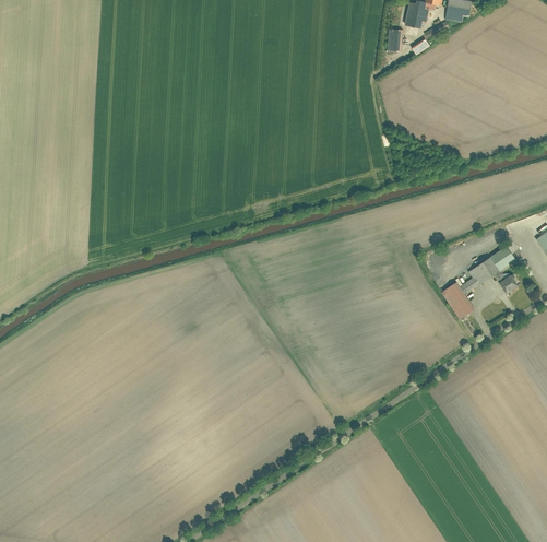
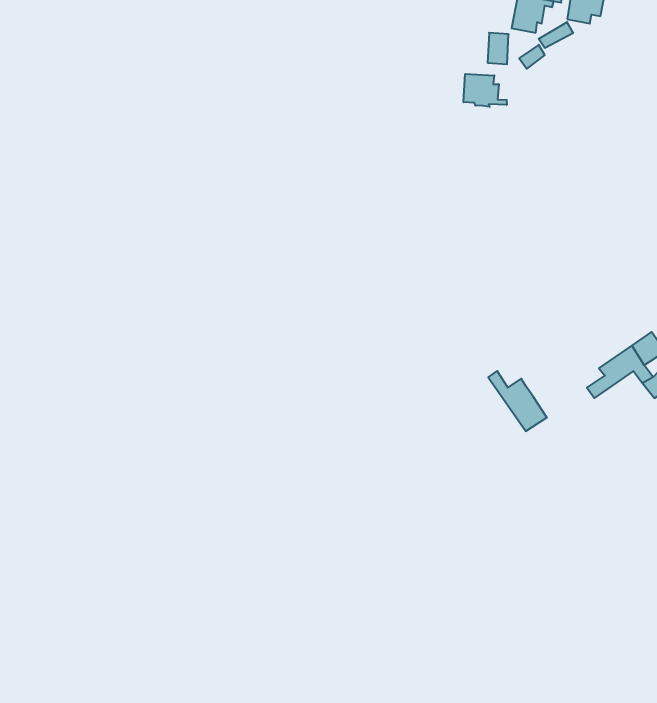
building: none -> [464,74,507,107]
building: [432,275,475,319] -> [488,371,547,431]

